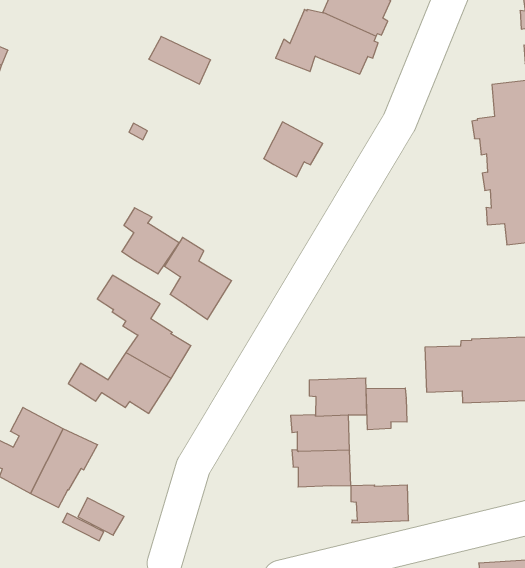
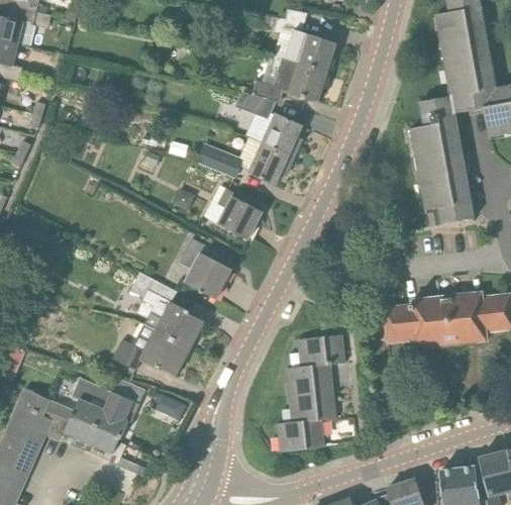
building: [149,36,211,84] -> [196,143,243,178]
building: none -> [235,91,277,118]
building: none -> [262,113,302,157]
building: [122,208,179,274] -> [219,188,263,237]
building: [366,388,407,430] -> none
building: [351,485,409,523] -> [278,419,324,451]
building: [78,498,124,535] -> [151,392,187,419]

